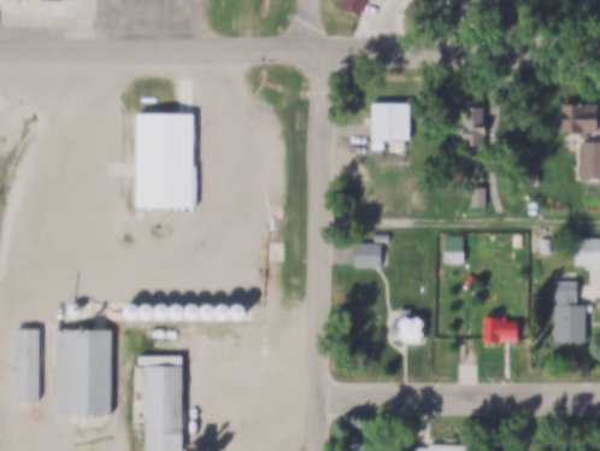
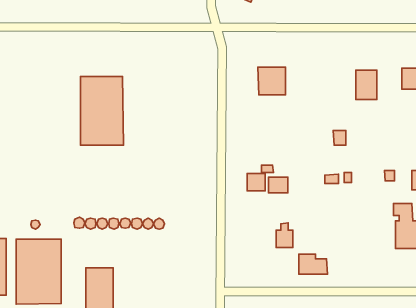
building: [459,106,487,145] -> [356,70,377,99]
building: none -> [268,177,288,193]
building: [482,316,519,342] -> [299,254,327,274]

